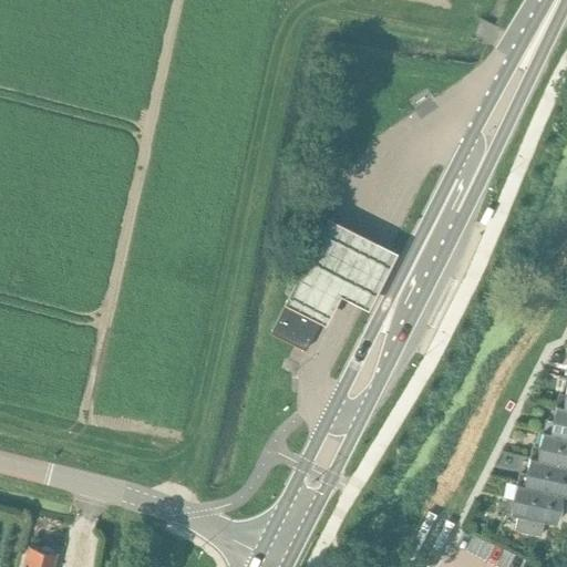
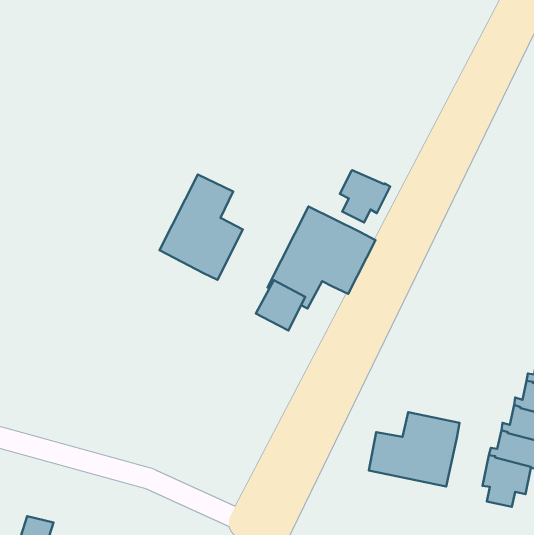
building: none -> [340,170,390,223]
building: none -> [160,174,243,280]
building: none -> [369,412,460,486]

